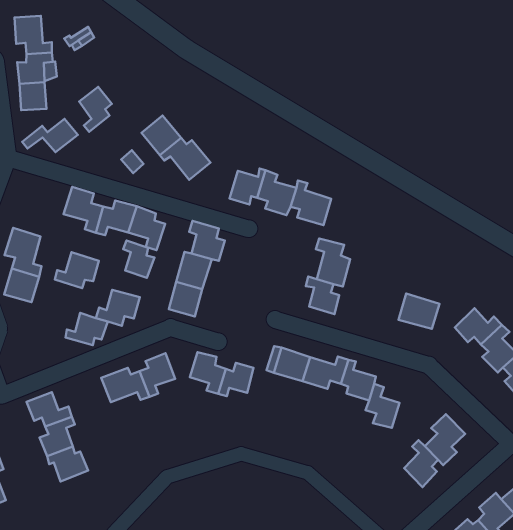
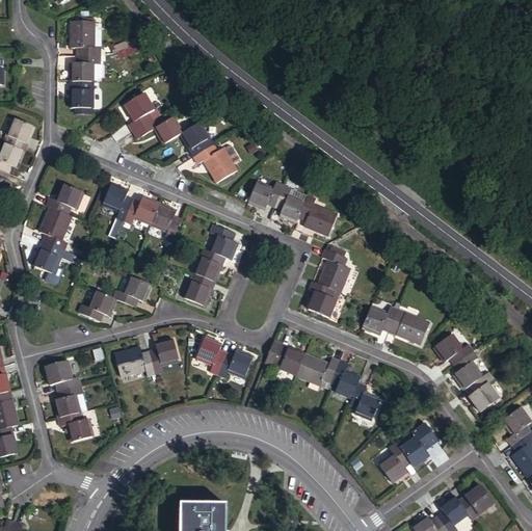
building: [22,119,78,152] -> [128,113,179,142]
building: [123,241,155,278] -> none
building: [55,252,99,288] -> [43,183,84,216]
building: none -> [363,303,397,333]

